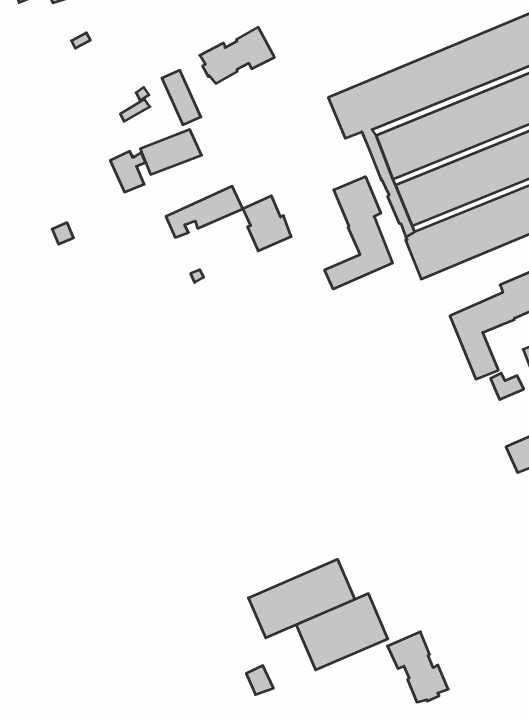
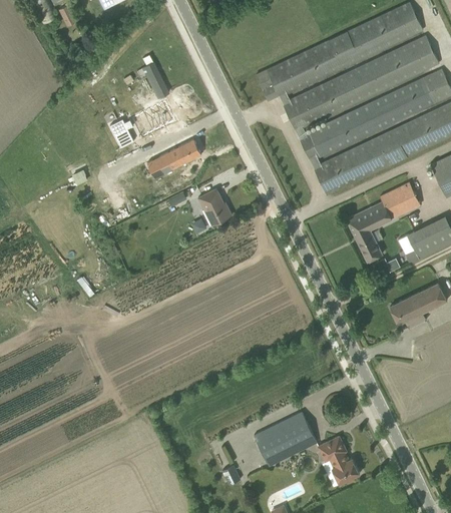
building: [200,27,274,83] -> none
building: [325,177,393,289] -> none
building: [243,196,291,251] -> [197,188,232,226]
building: [248,559,355,638] -> none

